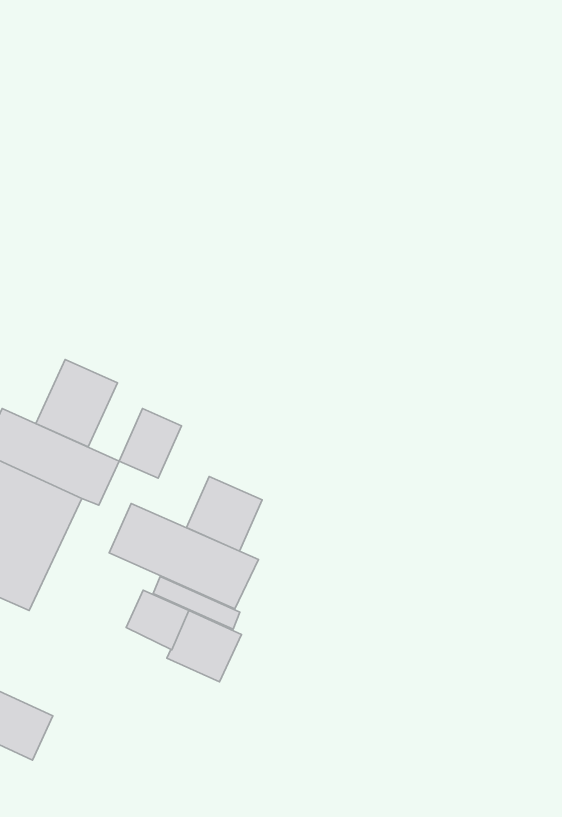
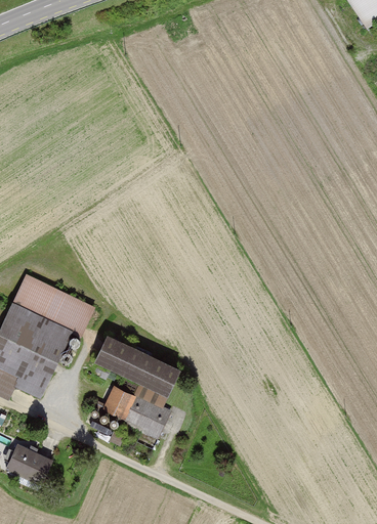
building: [36,359,117,447] -> none
building: [119,409,182,478] -> none
building: [186,476,262,551] -> none

